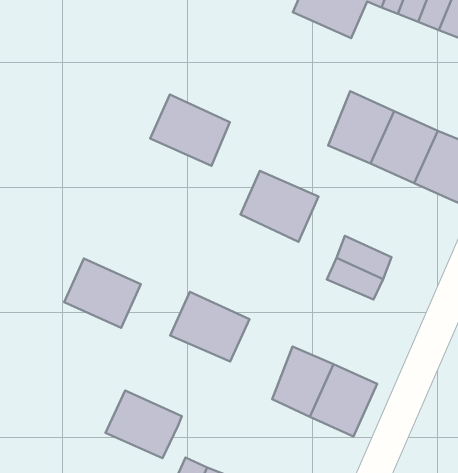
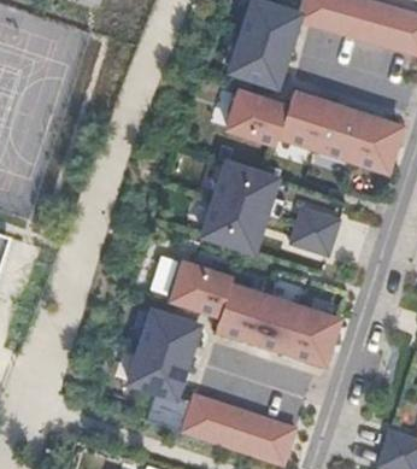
building: none -> [229,34,289,86]
building: [150,95,230,166] -> [227,90,288,143]
building: none -> [202,198,263,251]
building: [64,258,141,328] -> [139,310,198,362]
building: none -> [215,285,268,341]

